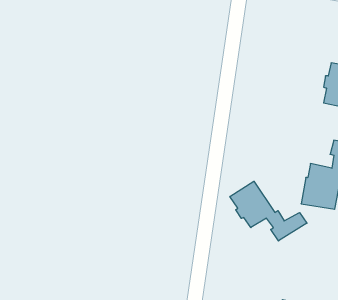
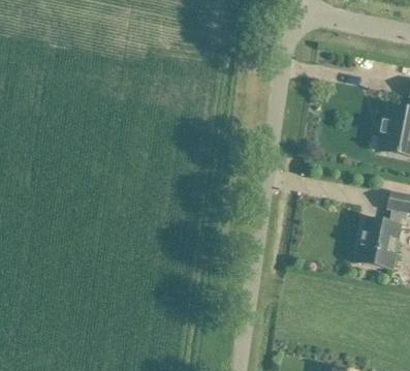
building: [230,181,307,241] -> none

